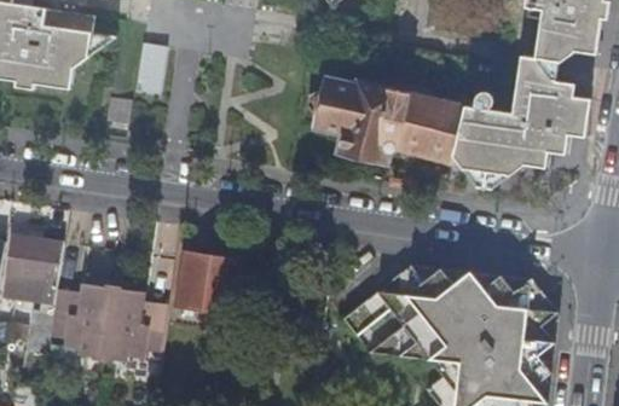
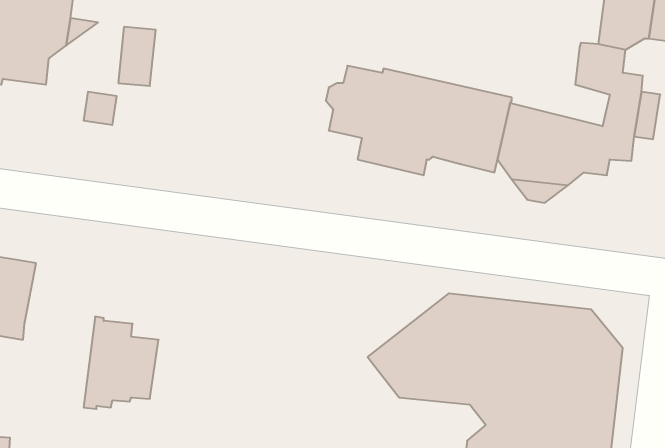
building: [461,89,544,126] -> none
building: [175,251,237,313] -> none
building: [47,284,112,361] -> none

